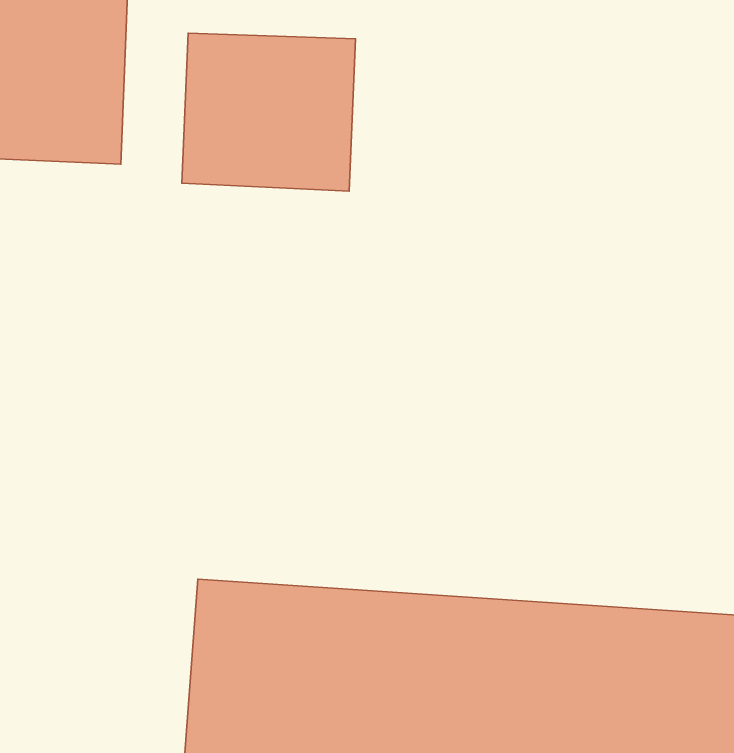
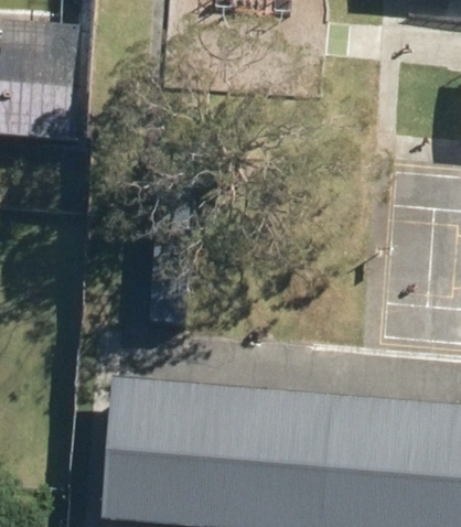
building: [182,33,356,191] -> none

